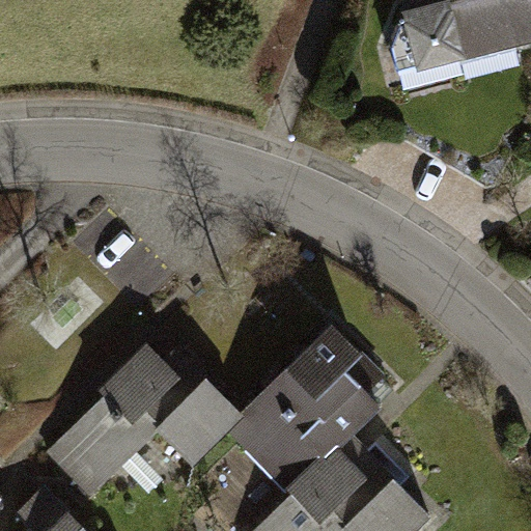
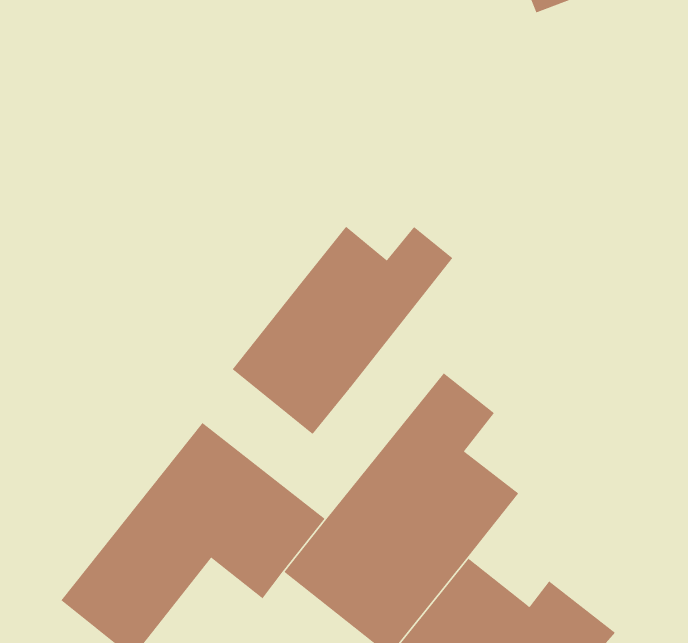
building: none -> [232,226,453,435]

